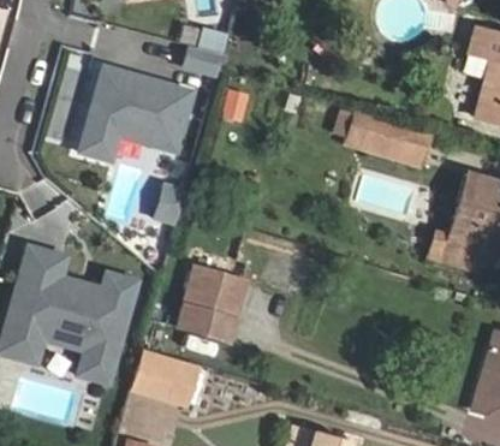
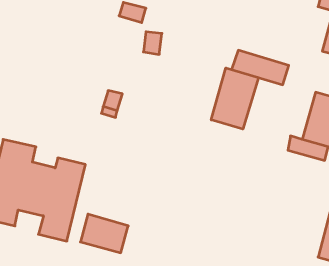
building: [81,64,191,156] -> none
building: none -> [211,68,258,129]
building: [179,267,245,340] -> none

